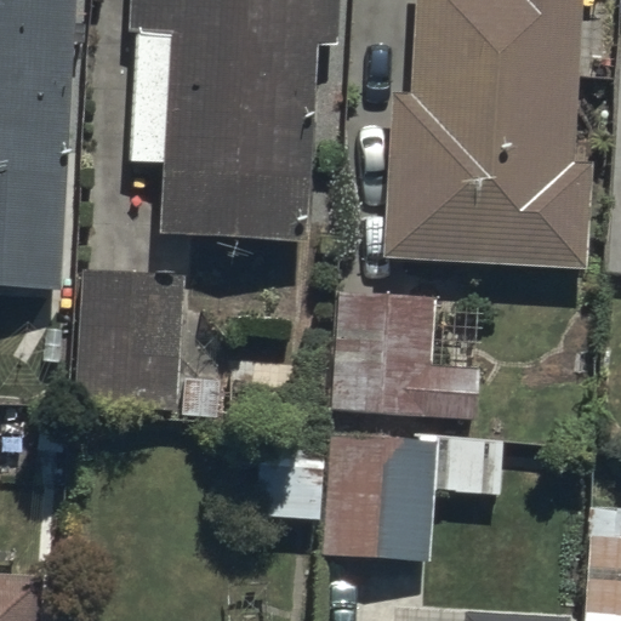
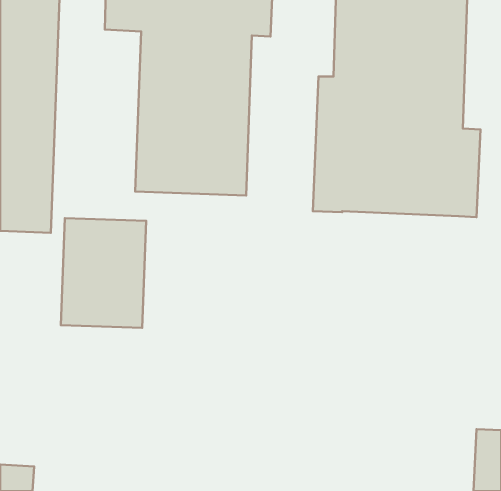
building: [332,291,435,414] -> none
building: [320,433,438,565] -> none

